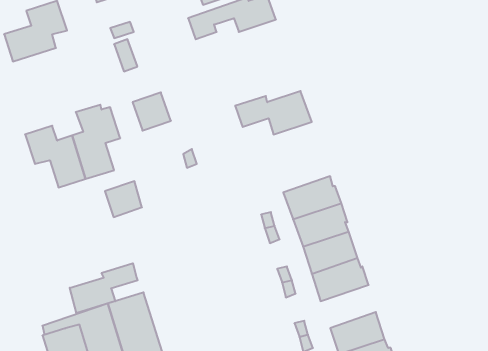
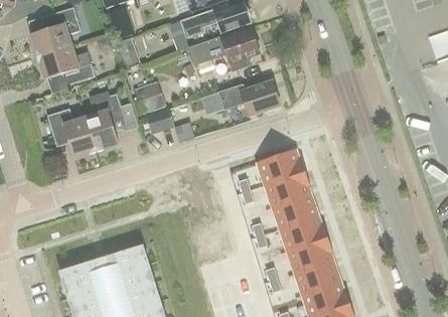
building: none -> [188,28,259,70]
building: none -> [36,44,95,84]
building: [105,181,142,217] -> [144,105,174,134]
building: [70,263,138,313] -> none
building: none -> [287,237,332,273]

